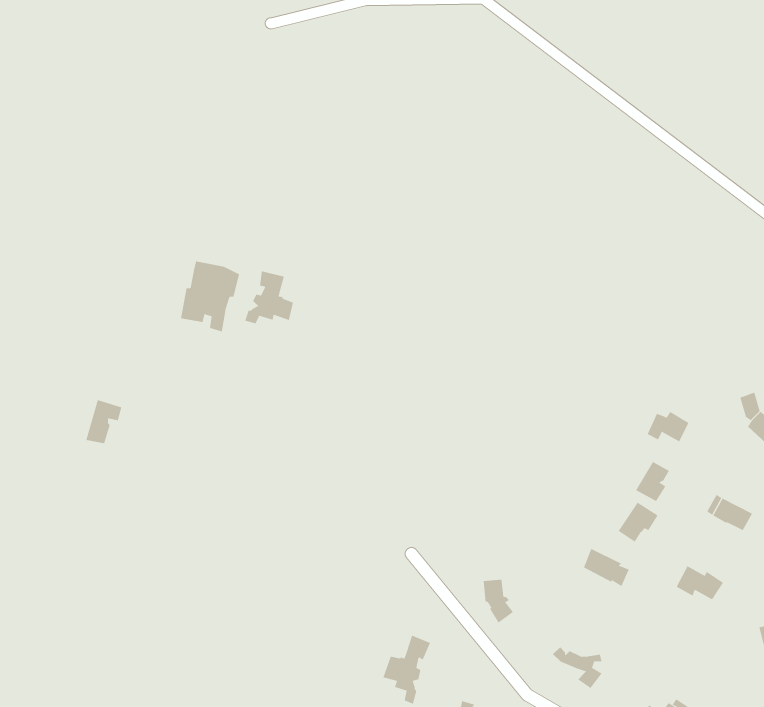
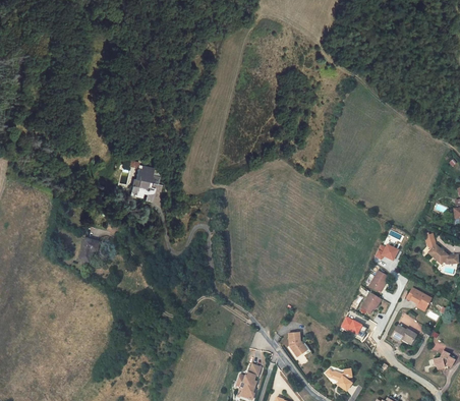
building: [244,270,293,324] -> none

